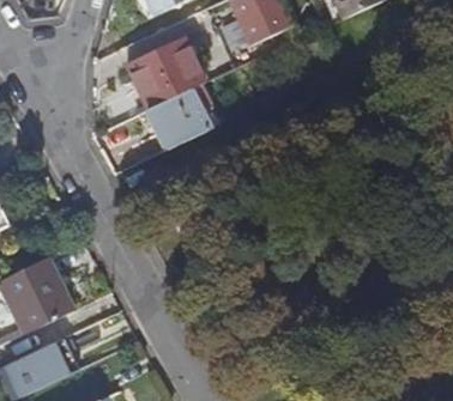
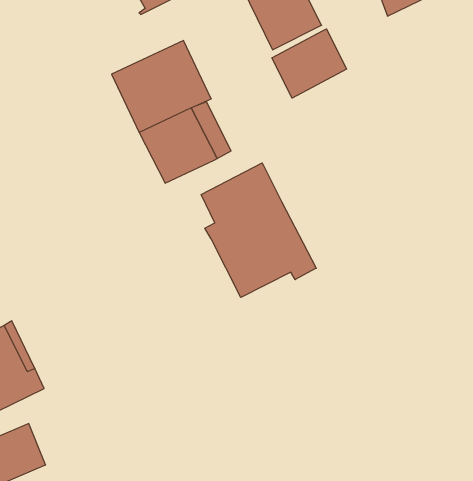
building: none -> [272,29,347,98]
building: none -> [201,163,316,297]

